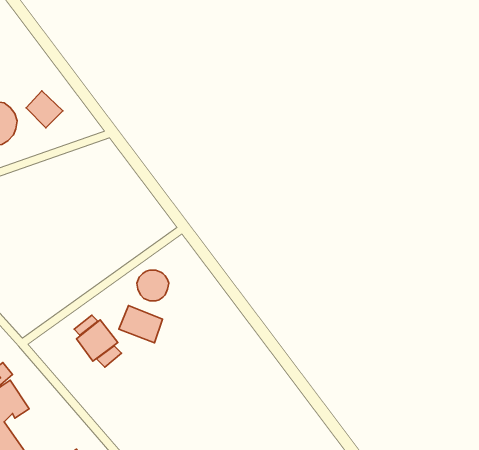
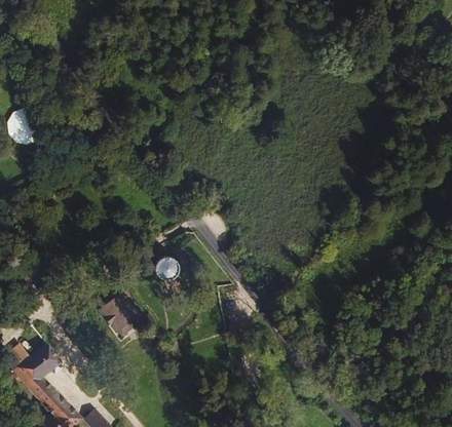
building: [26,91,63,128] -> none
building: [119,305,163,343] -> none

